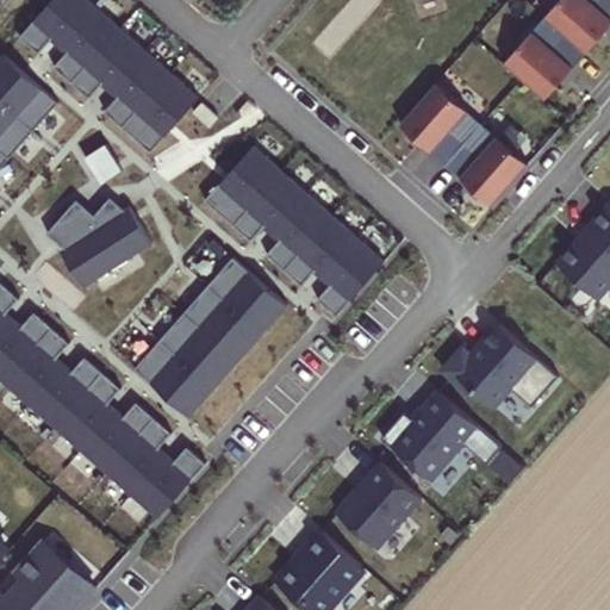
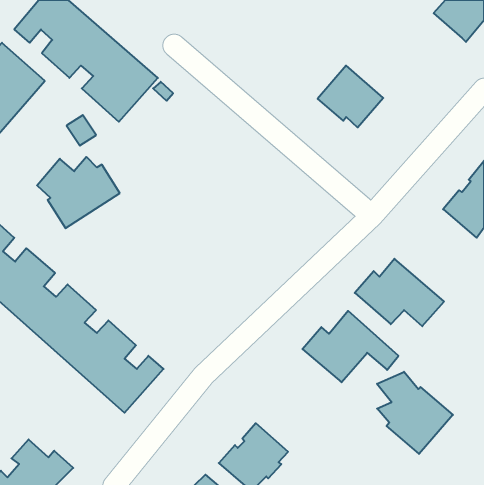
building: [503,18,579,100] -> none
building: [448,124,527,206] -> none
building: [203,147,382,317] -> none
building: [133,257,286,417] -> none
building: [335,461,421,548] -> none
building: none -> [377,372,453,454]

